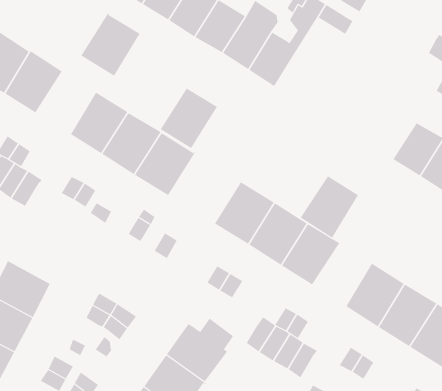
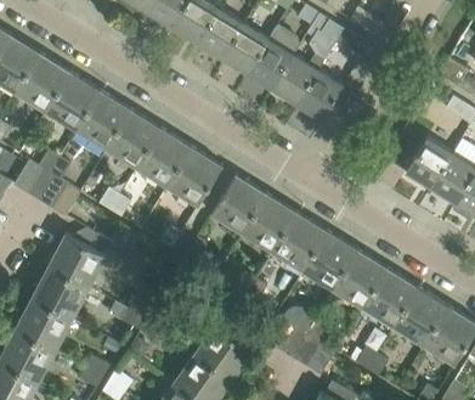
building: [80,12,141,76] -> [74,90,130,150]
building: none -> [295,71,343,120]
building: [160,86,218,149] -> [210,174,264,232]
building: [300,176,359,239] -> [330,250,385,309]
building: none -> [47,229,118,299]

